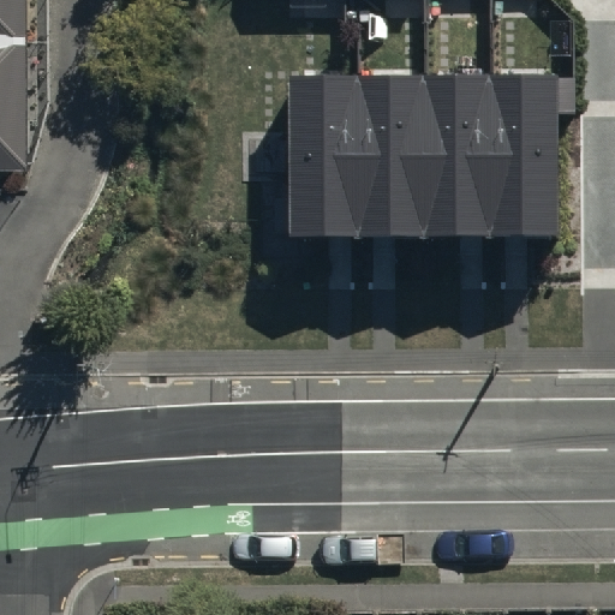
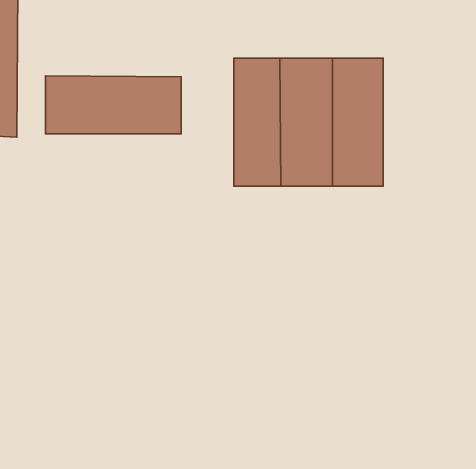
building: [490,74,556,238] -> none
building: none -> [46,76,181,134]

